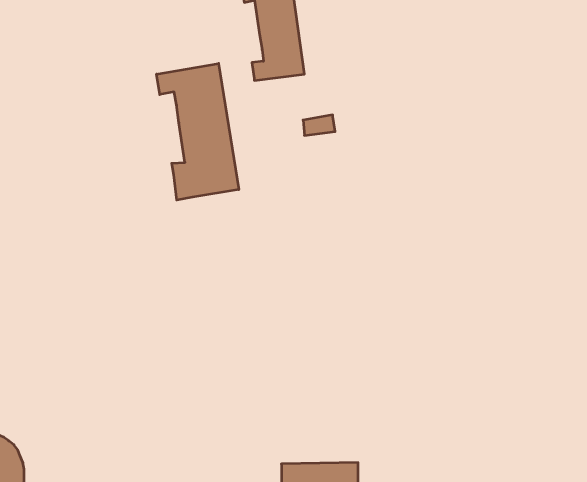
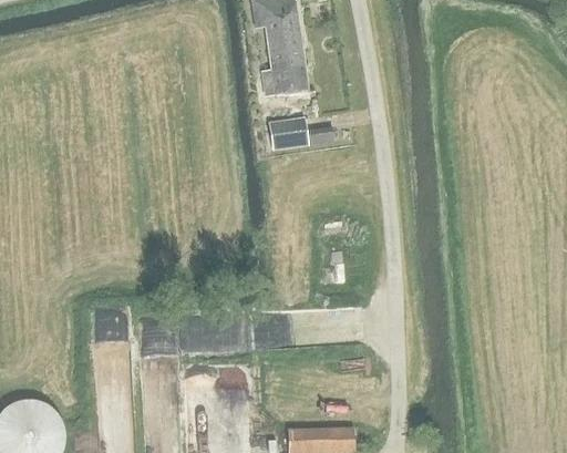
building: [157,63,239,200] -> none
building: none -> [270,117,307,150]

